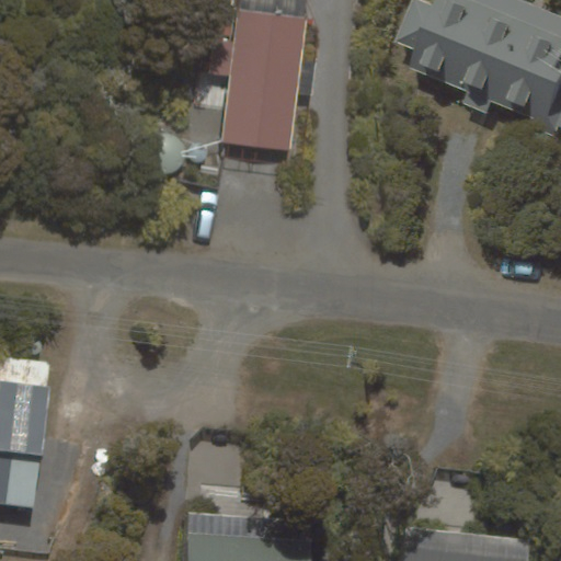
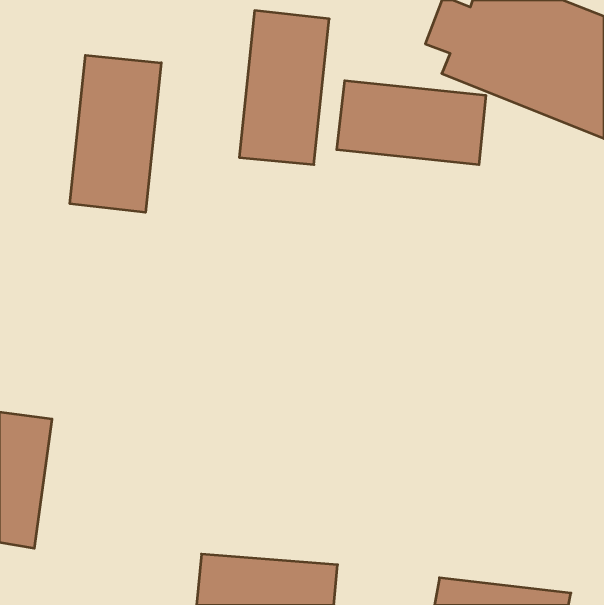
building: none -> [70,55,161,212]
building: none -> [337,81,486,165]

